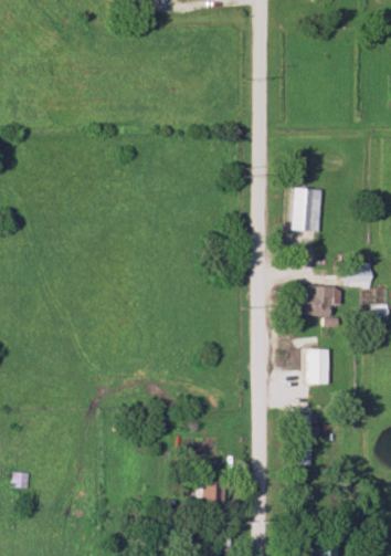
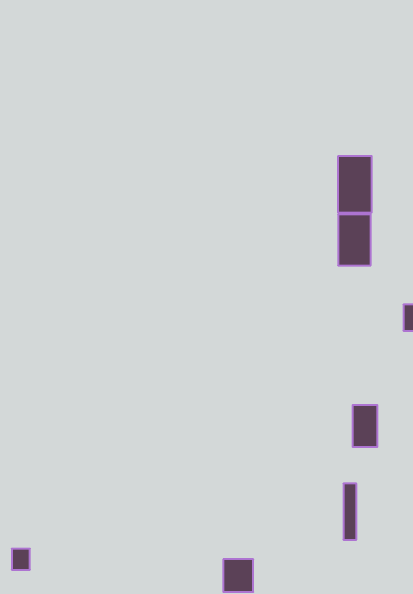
building: none -> [338,156,372,213]
building: [300,286,332,317] -> none

